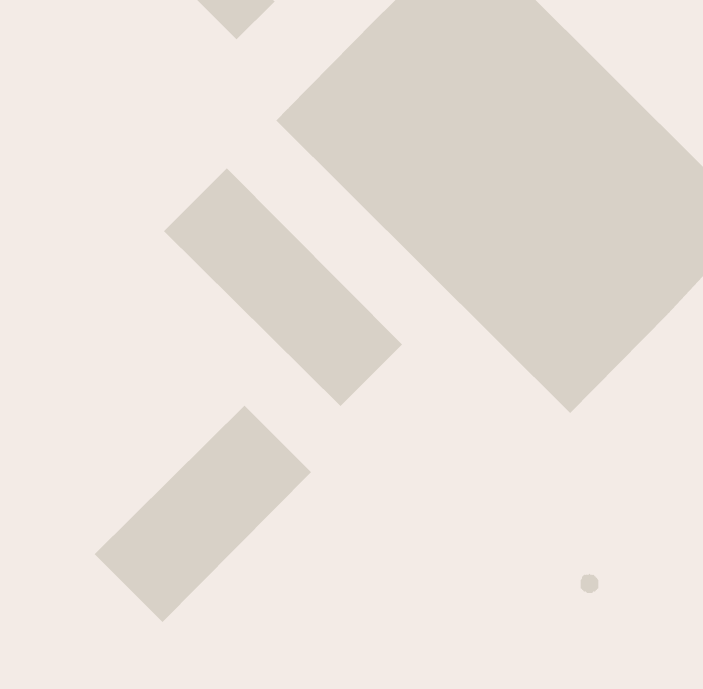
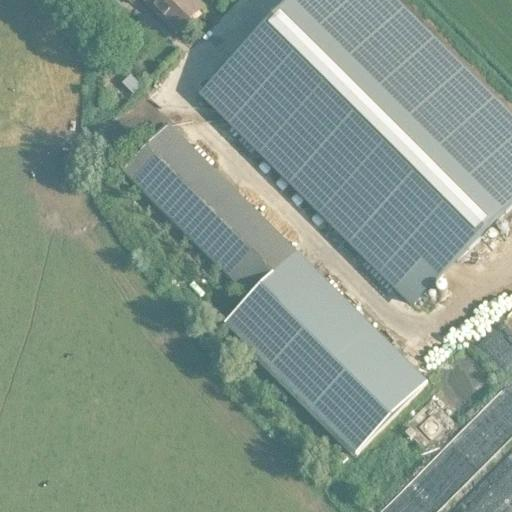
building: none -> [223,249,424,450]
building: [94,405,312,623] -> none

